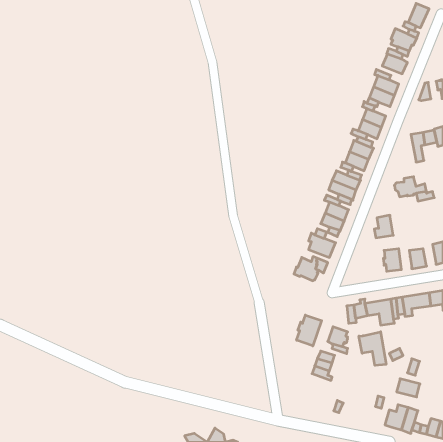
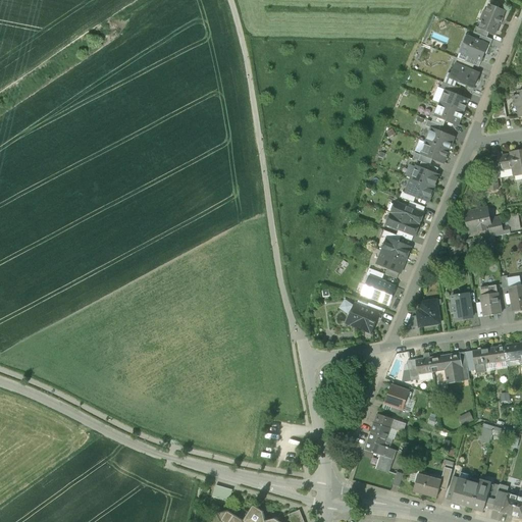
building: [374,215,393,238] -> [418,299,440,325]
building: [297,315,322,346] -> none
building: [359,332,386,365] -> none
building: none -> [364,439,396,472]
building: [397,379,420,397] -> [414,474,441,495]

